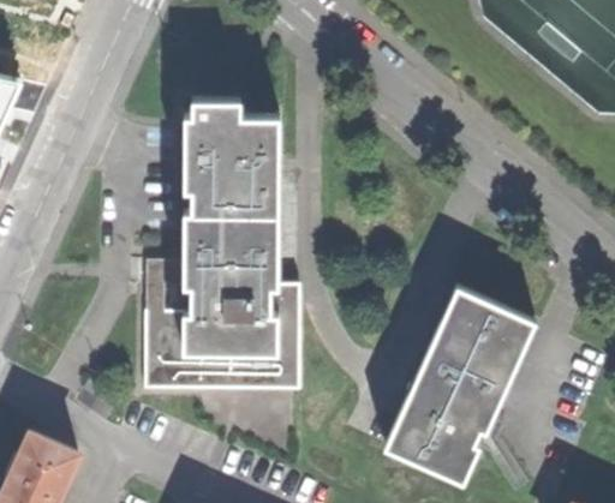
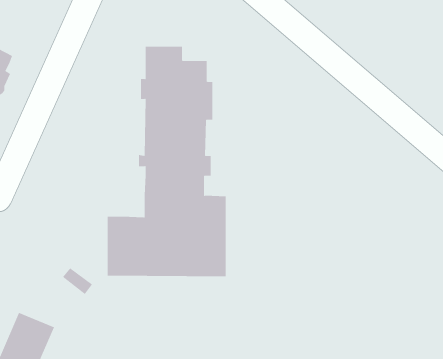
building: [142,258,190,311] -> none
building: [387,286,537,479] -> none

